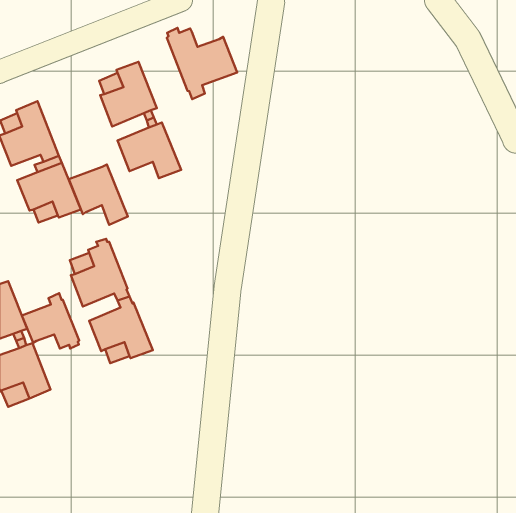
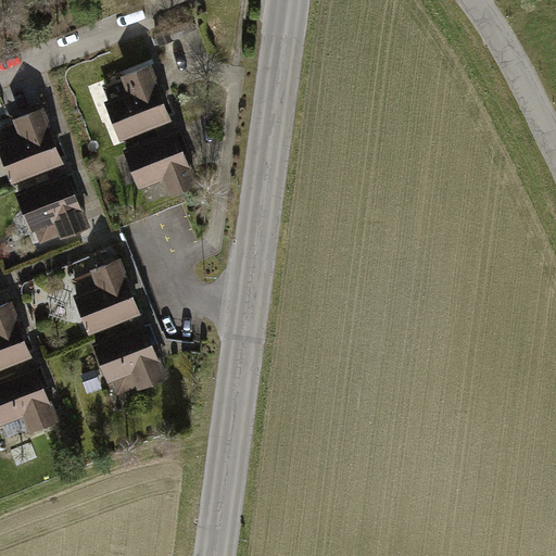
building: [167,28,237,99] -> none
building: [69,165,128,225] -> none
building: [22,293,79,349] -> none

